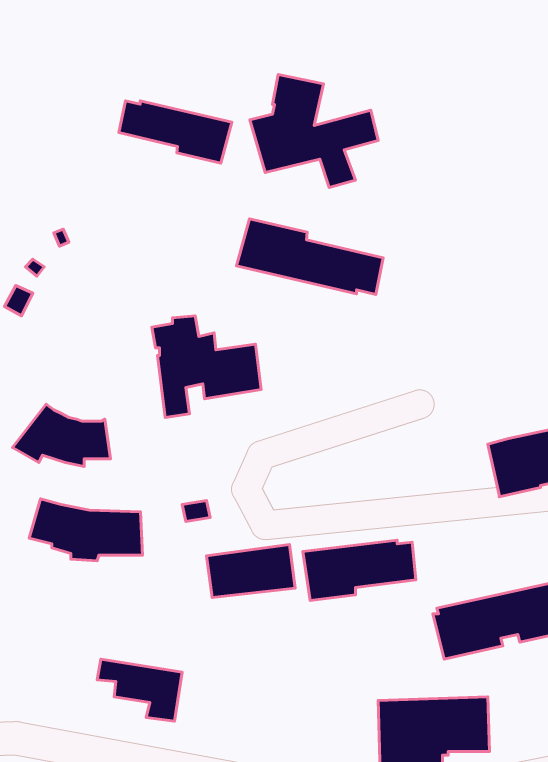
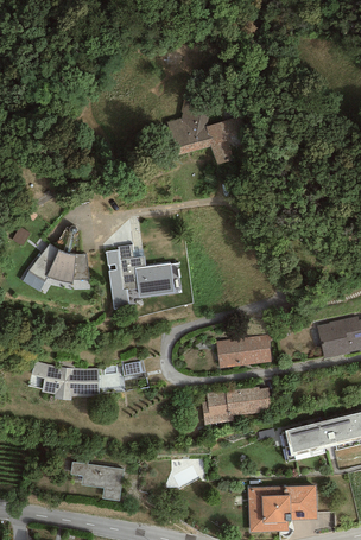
building: [119,101,232,163] -> none
building: [236,219,383,294] -> none
building: [12,404,110,466] -> [27,243,89,282]
building: [207,545,295,597] -> [215,333,271,367]

